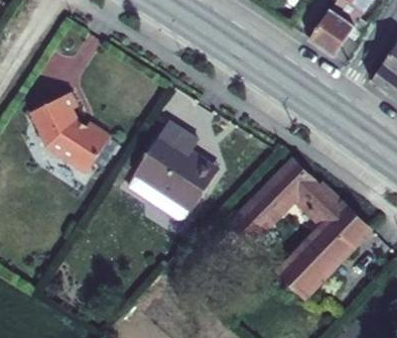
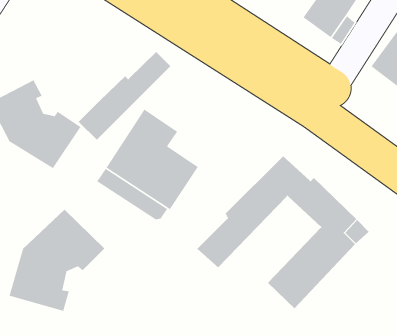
building: none -> [78,51,171,141]
building: none -> [9,209,105,312]

